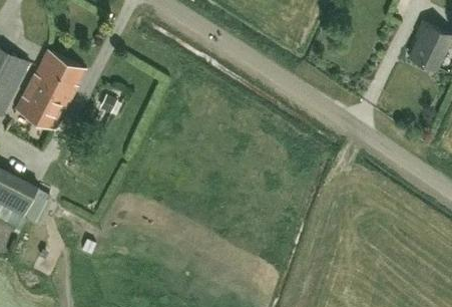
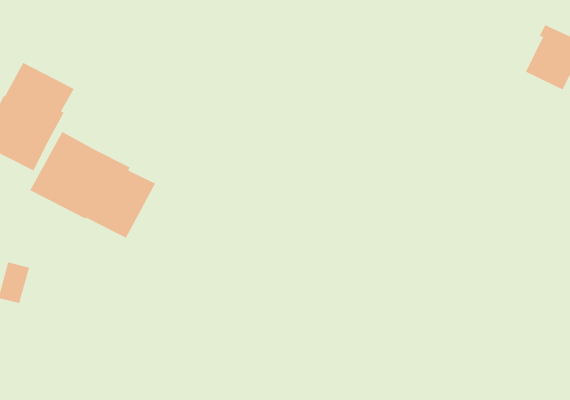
building: none -> [30,131,156,239]

